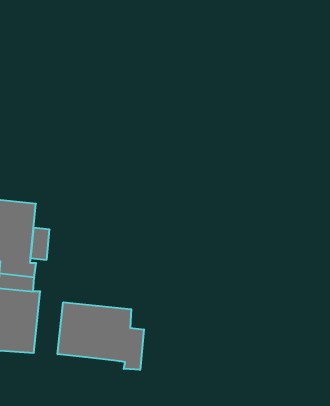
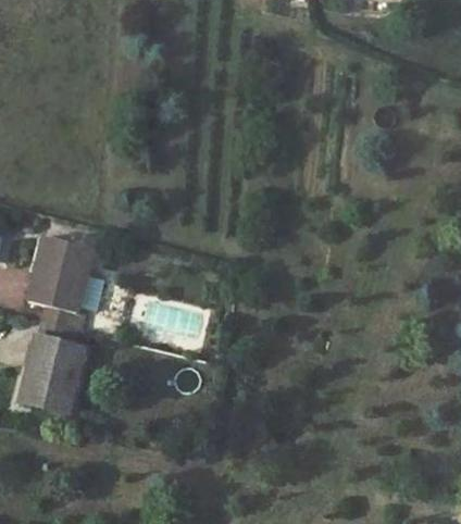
building: [58,302,144,370] -> none

